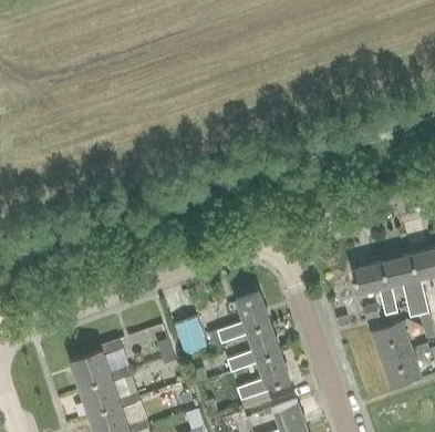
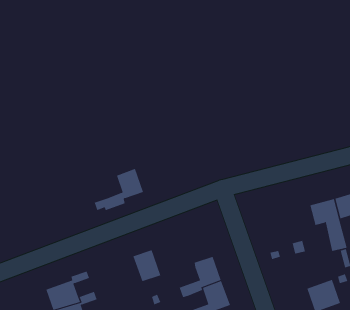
building: [351,261,397,315] -> none
building: [209,294,269,344] -> [94,168,144,211]
building: [371,322,412,361] -> none

